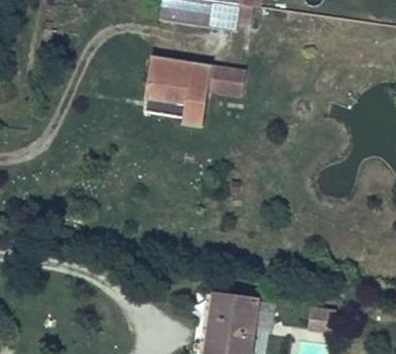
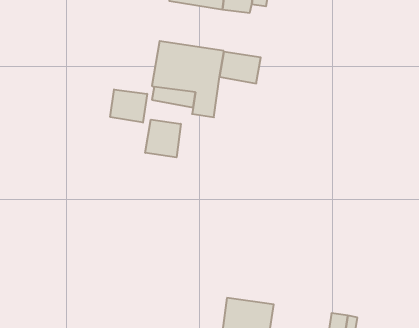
building: none -> [110,89,147,123]
building: none -> [145,120,181,157]

